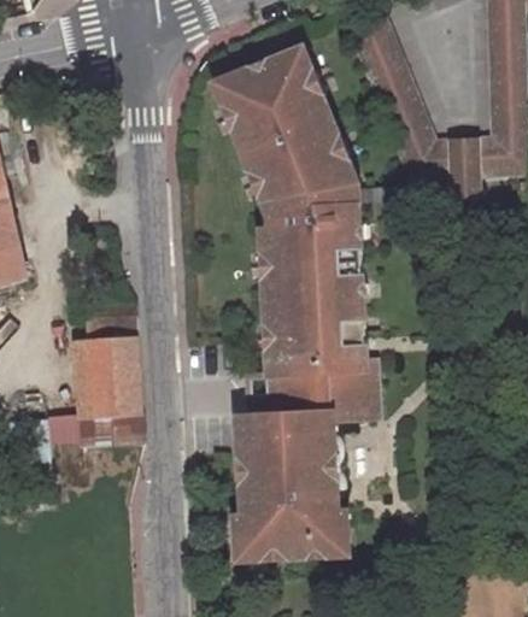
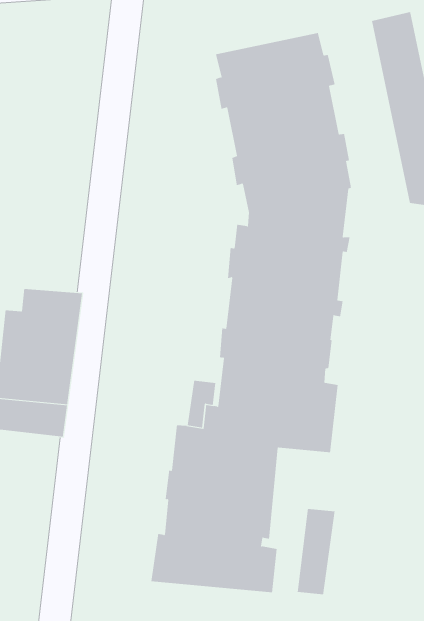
building: none -> [297,508,335,595]

